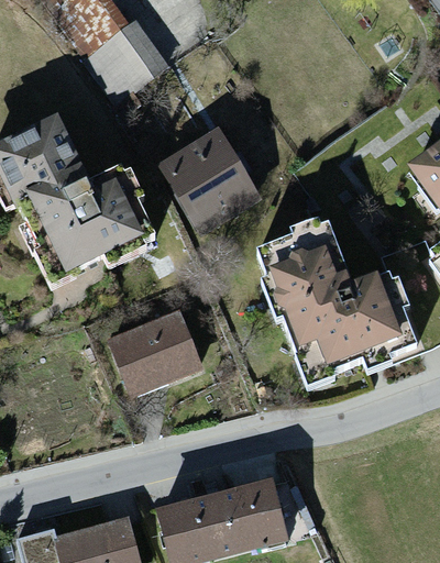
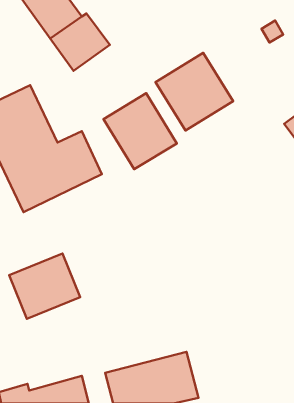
building: none -> [156,53,233,130]
building: [261,229,404,368] -> none
building: [107,307,204,396] -> [9,253,80,319]

